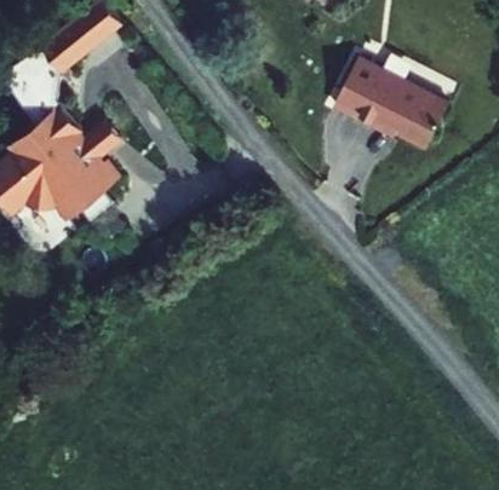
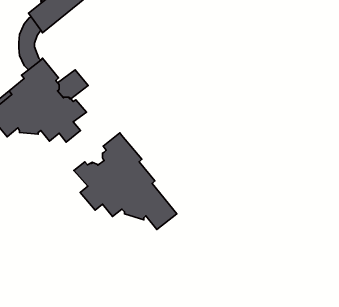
building: [332,58,447,149] -> none
building: none -> [74,133,177,230]

